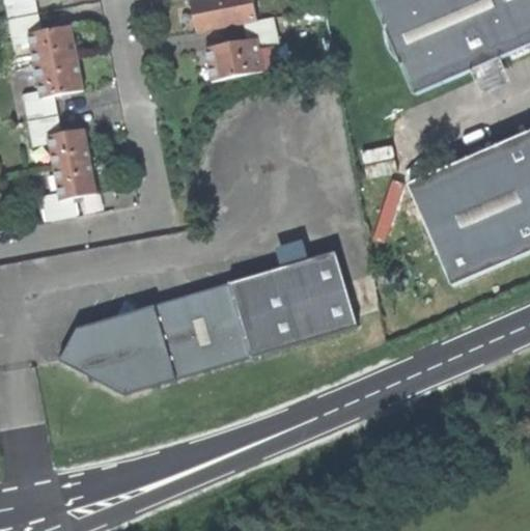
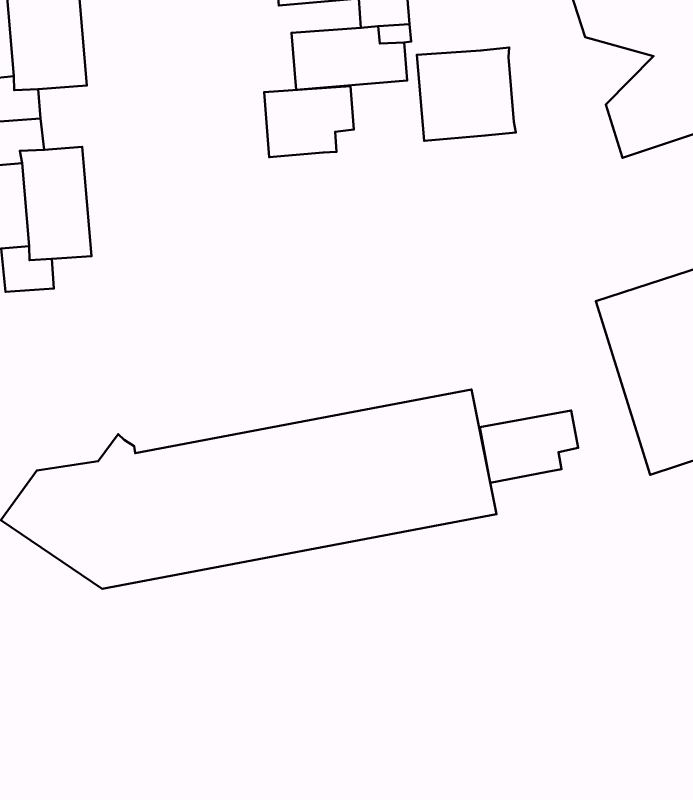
building: none -> [417,48,516,141]
building: none -> [264,86,354,157]
building: none -> [480,411,578,483]

